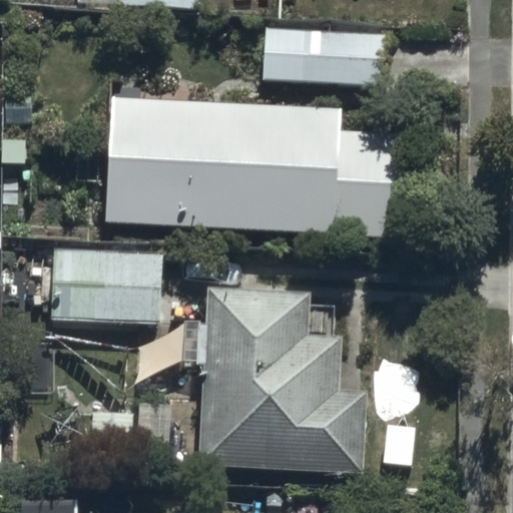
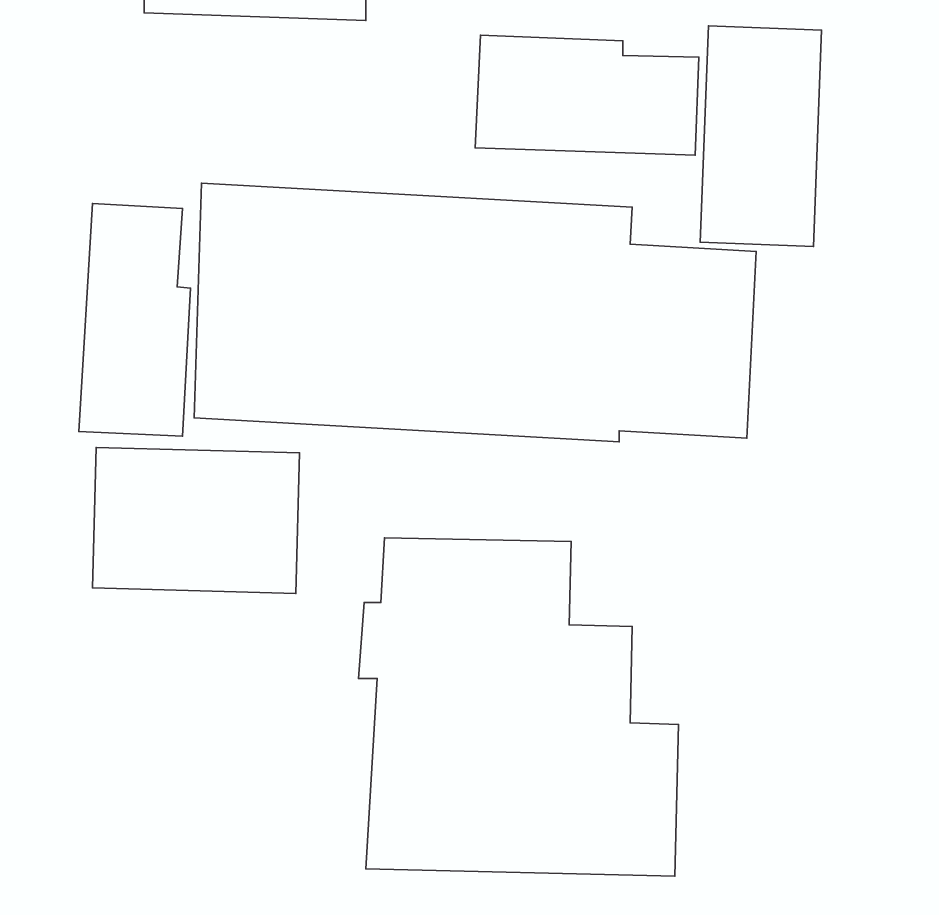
building: none -> [700,26,822,247]
building: none -> [79,203,191,436]

